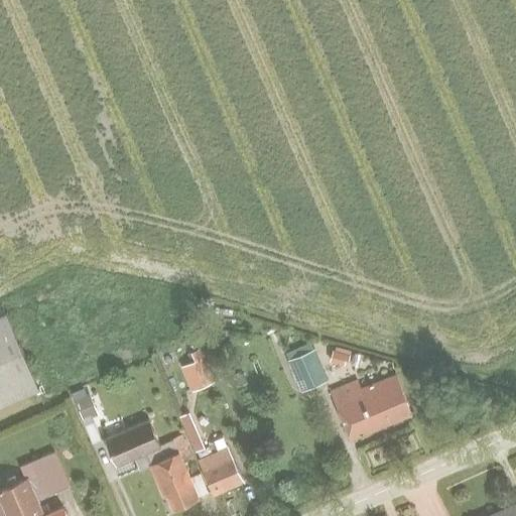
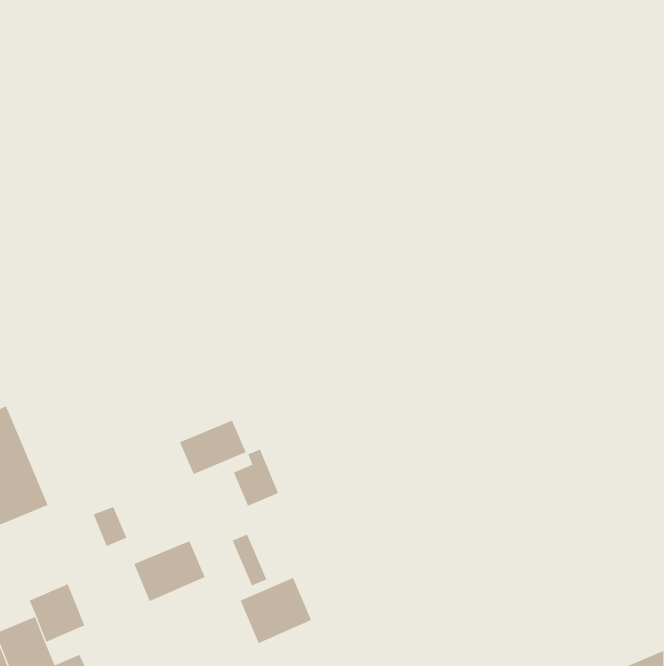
building: none -> [179,420,247,475]
building: [286,350,324,391] -> none
building: [329,375,410,442] -> none
building: [147,450,199,511] -> none

